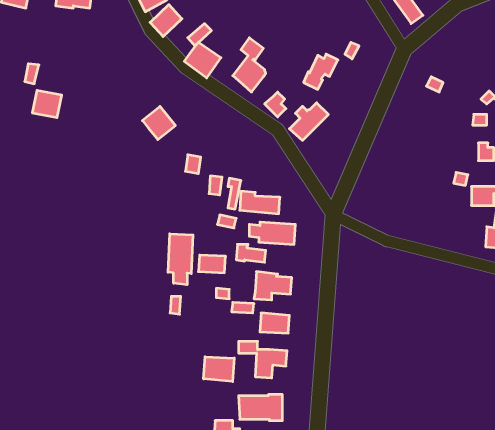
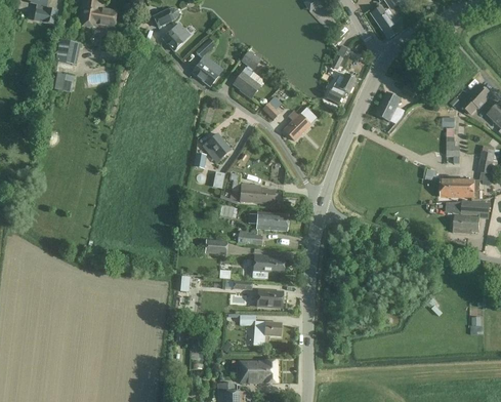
building: [304,54,338,89] -> [326,73,356,104]
building: none -> [376,91,405,123]
building: [32,90,62,118] -> [54,38,80,62]
building: [142,106,175,140] -> [202,132,231,161]
building: [168,234,193,285] -> none
building: [204,357,234,382] -> none

